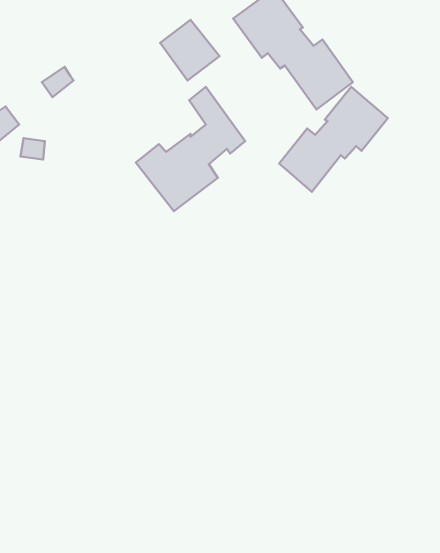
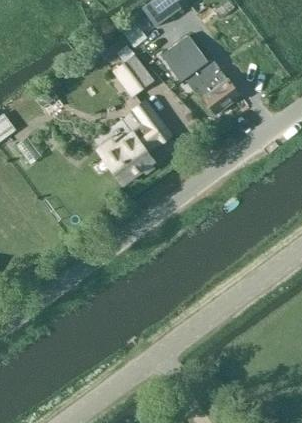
building: [279,87,388,192] -> none

